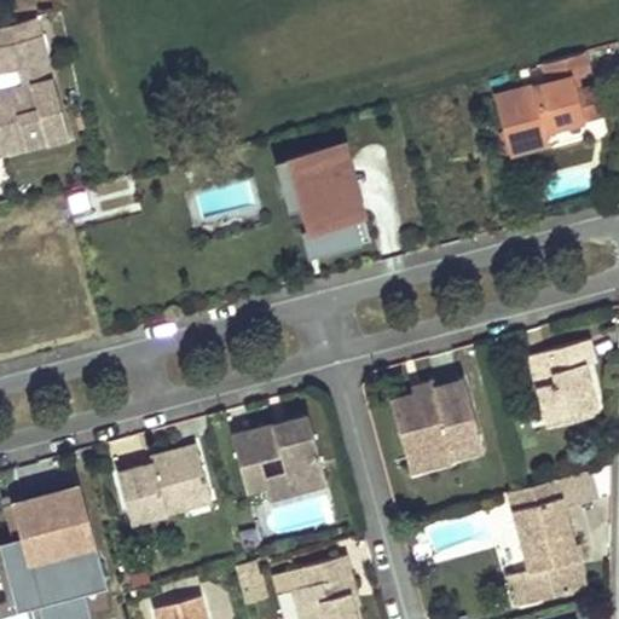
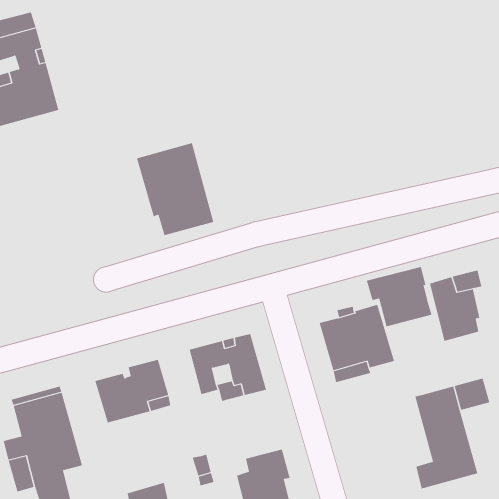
building: [491,53,601,158] -> none
building: [273,144,369,259] -> [136,142,214,236]
building: none -> [366,266,432,327]

